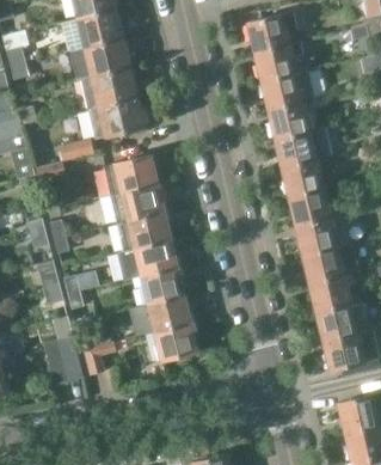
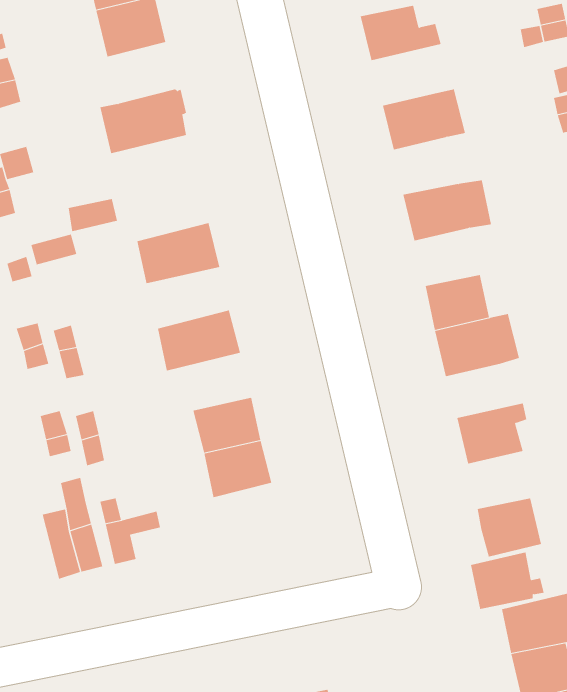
building: [85,38,129,78] -> none
building: [254,39,303,79] -> none
building: [87,98,143,139] -> none
building: [269,99,311,136] -> none
building: [282,158,325,195] -> none
building: [110,183,164,222] -> none
building: [133,238,178,275] -> none
building: [302,245,354,280] -> none
building: [317,301,364,338] -> [470,552,545,610]
building: [153,322,198,360] -> none

